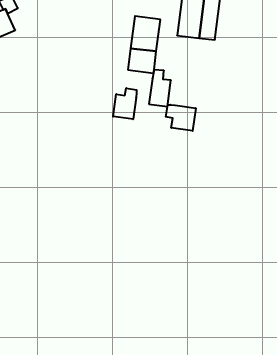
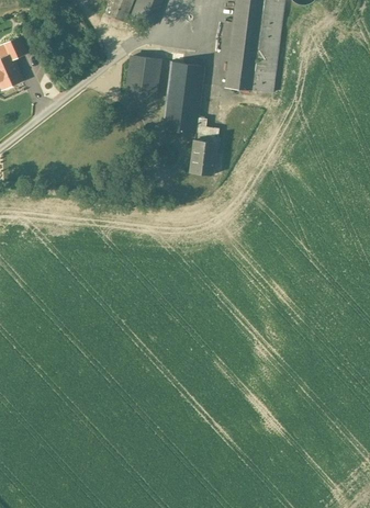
building: none -> [126,56,159,98]
building: [113,88,137,119] -> none
building: [166,105,196,131] -> none

